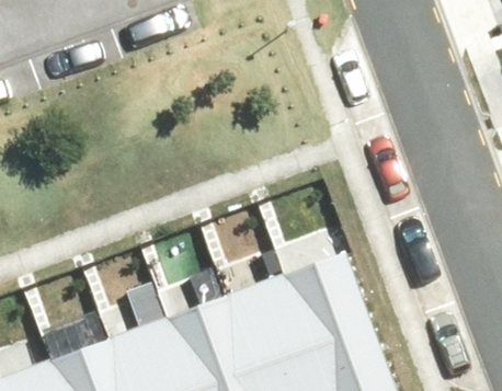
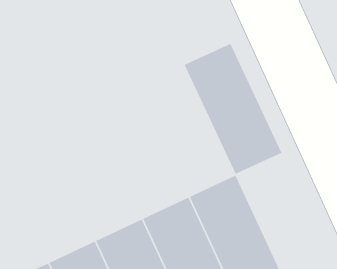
building: none -> [183,43,282,175]

